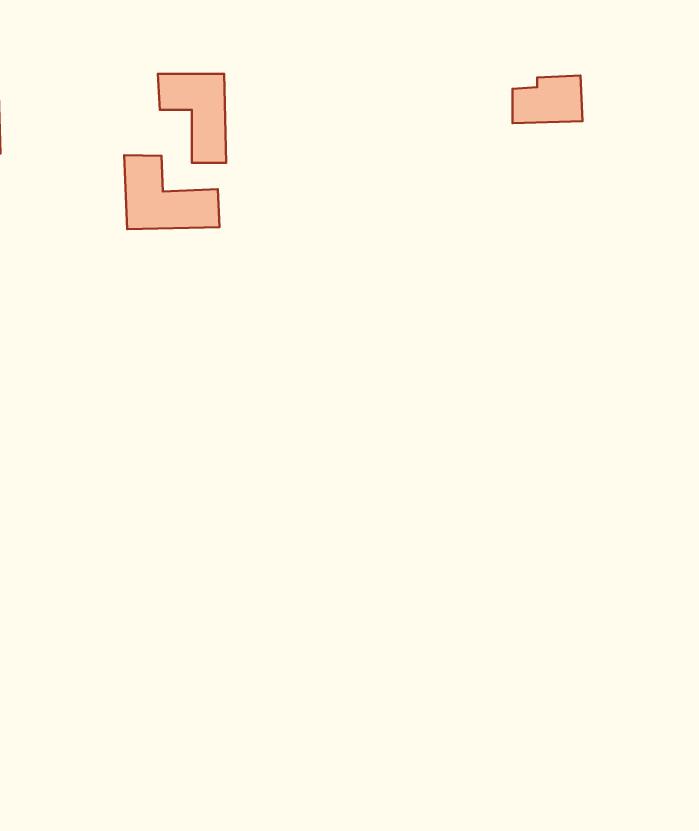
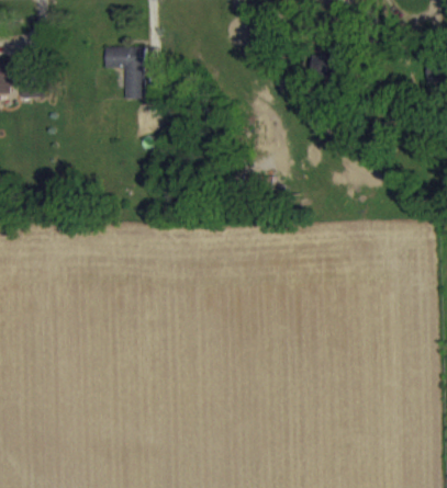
building: [124,155,219,229] -> none

